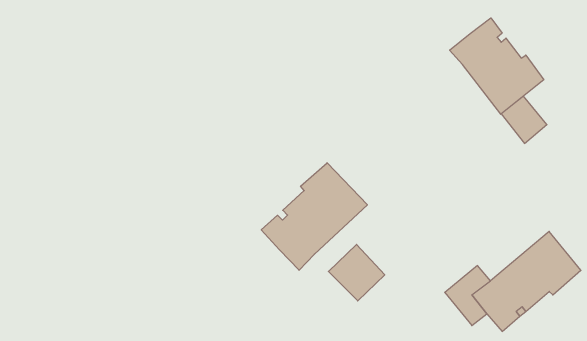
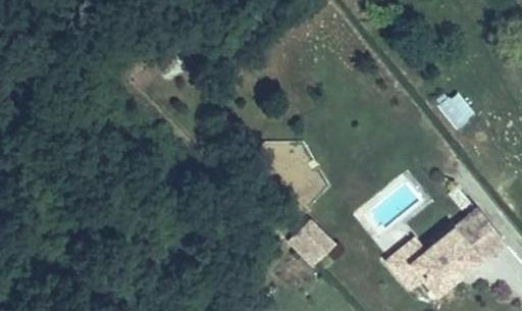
building: [450,18,544,114] -> none
building: [261,163,367,270] -> none

